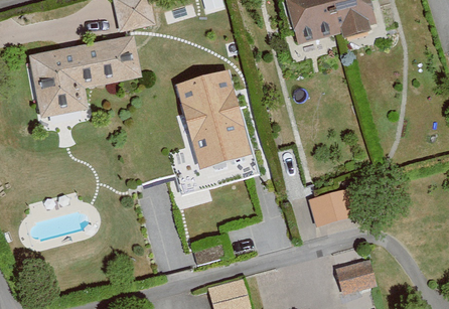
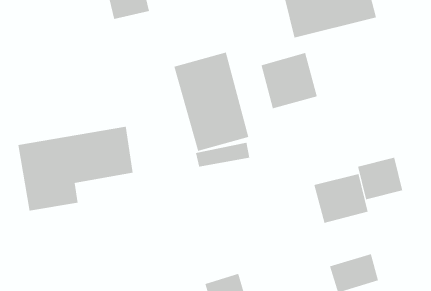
building: [27,37,140,120] -> [17,126,134,211]
building: none -> [261,52,318,109]
building: none -> [357,157,403,200]

